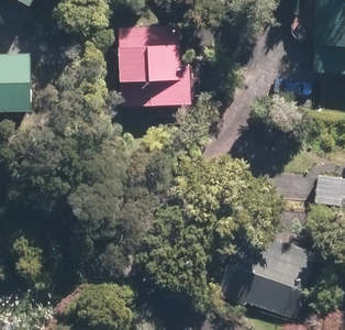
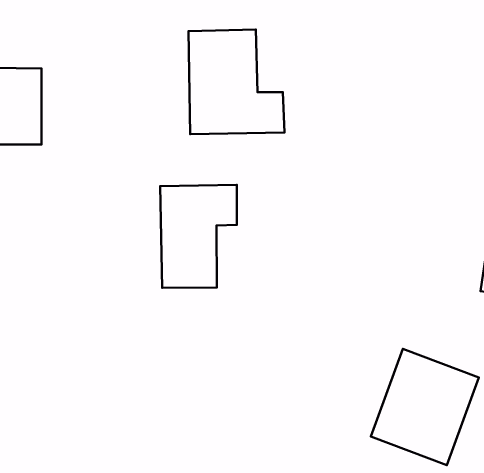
building: none -> [160,185,237,288]

